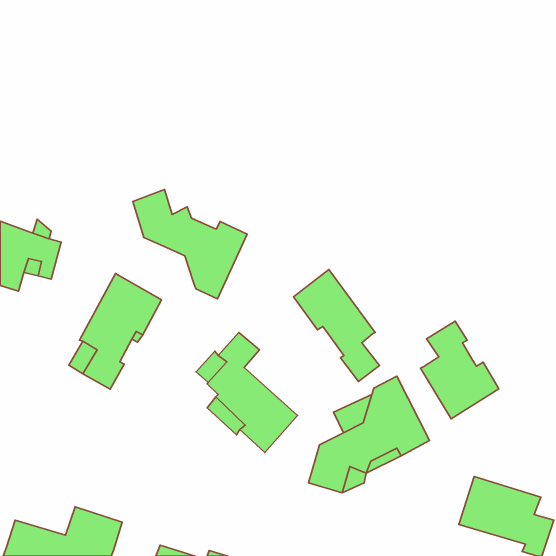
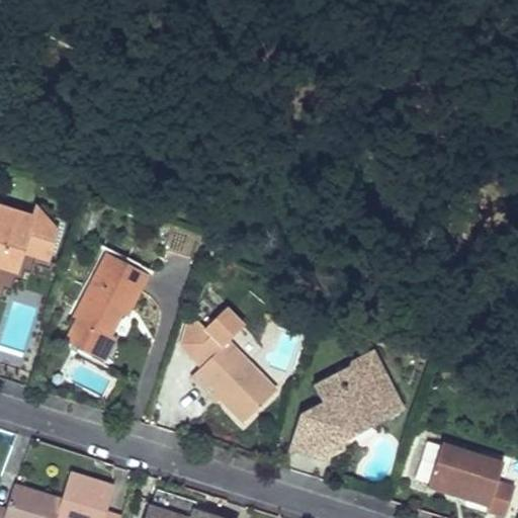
building: [133,190,247,299] -> none
building: [294,269,380,382] -> none
building: [421,321,499,419] -> none

